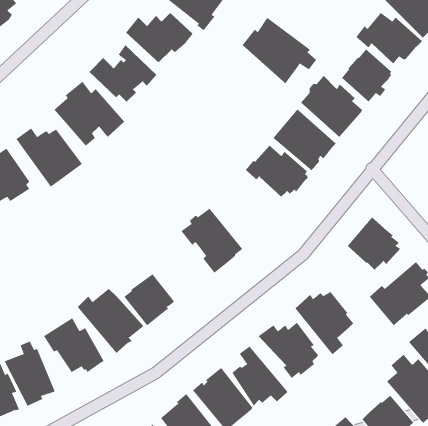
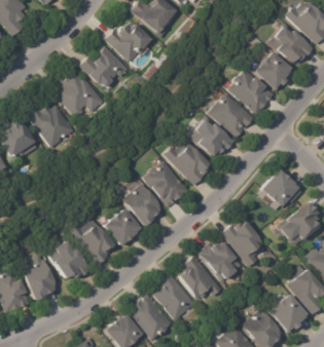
building: [242,17,317,84] -> none
building: none -> [164,143,211,185]
building: none -> [122,185,163,227]

